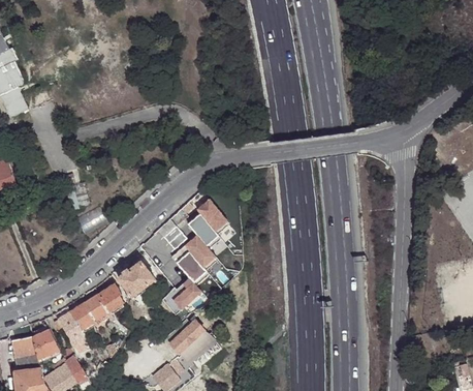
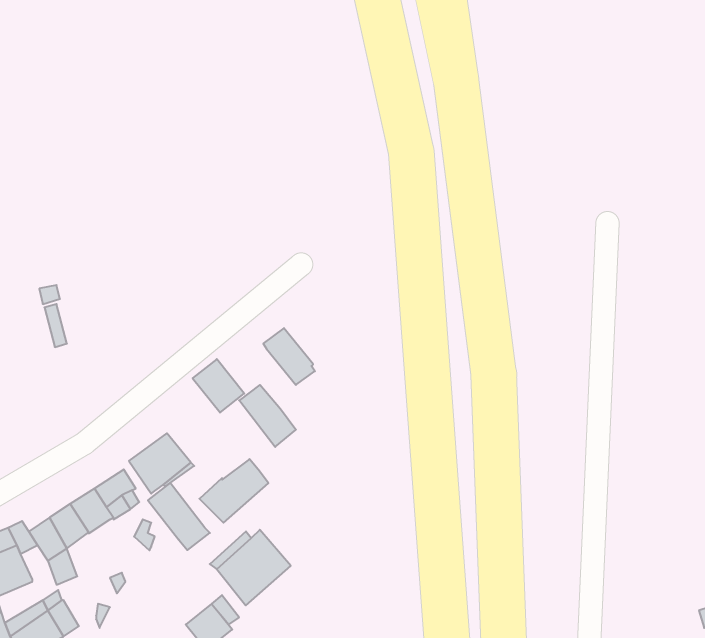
building: [187,211,221,247] -> none
building: [171,243,209,283] -> [148,483,210,550]

